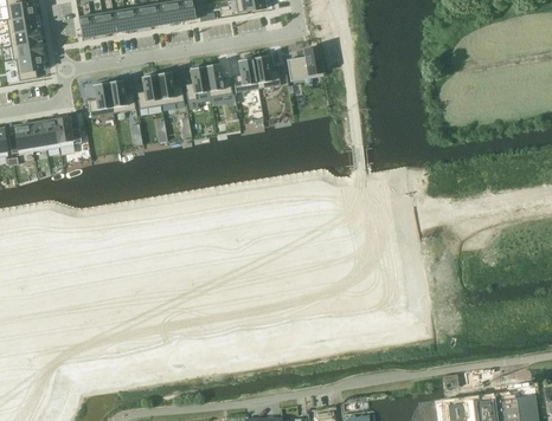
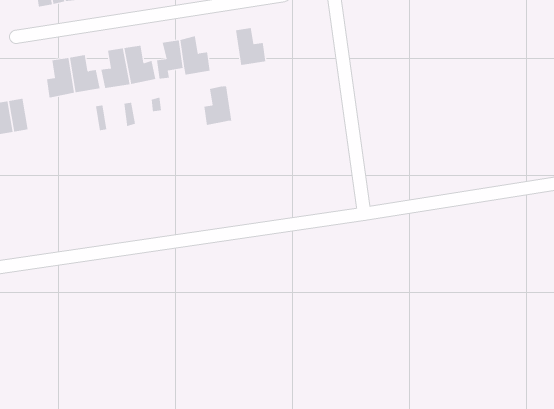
building: [285,45,322,79] -> none
building: [232,57,257,91] -> [204,86,232,125]

